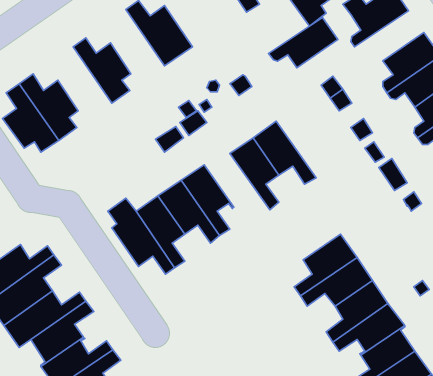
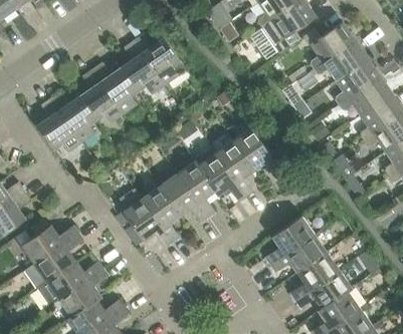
building: none -> [122,40,164,93]
building: [268,18,338,68] -> [313,41,367,80]
building: none -> [80,69,123,122]
building: none -> [194,146,246,202]

